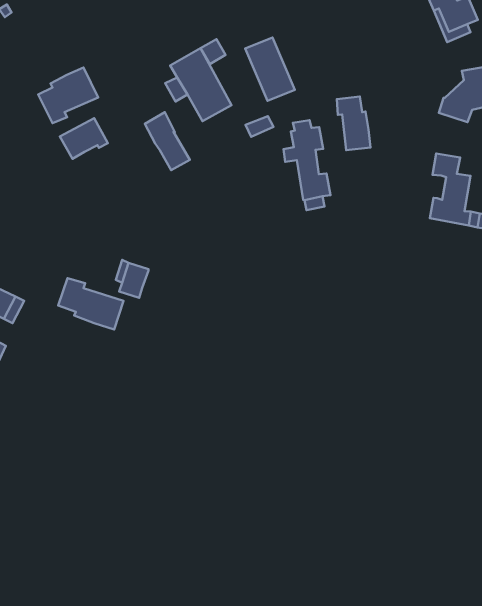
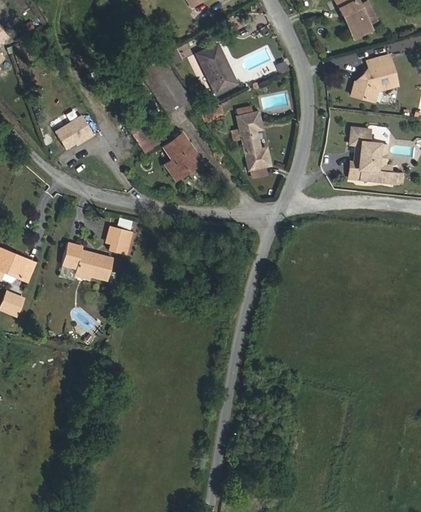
building: [38,68,98,123] -> none
building: [337,96,370,150] -> none
building: none -> [162,133,202,180]

